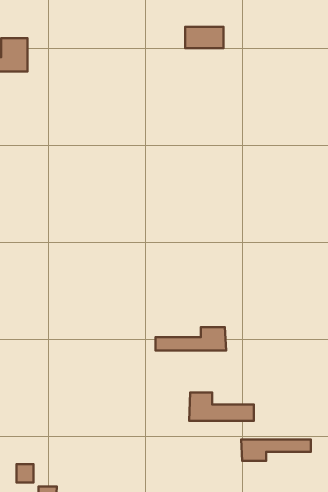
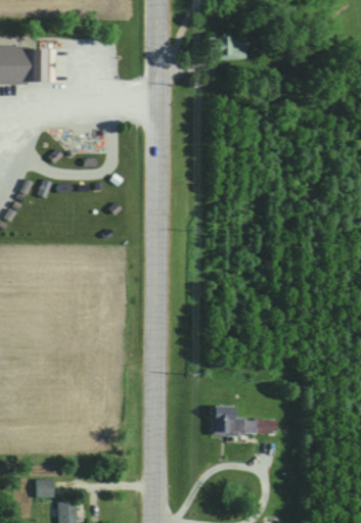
building: [156,327,226,350] -> none
building: [241,439,311,461] -> none

